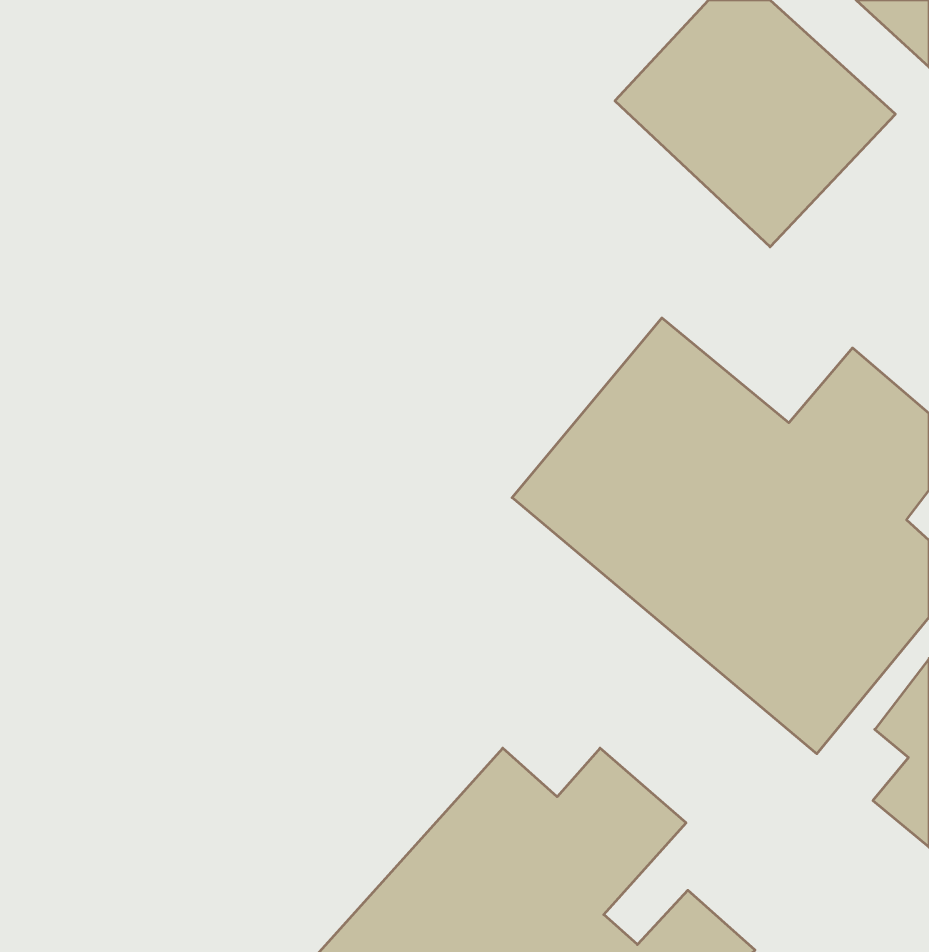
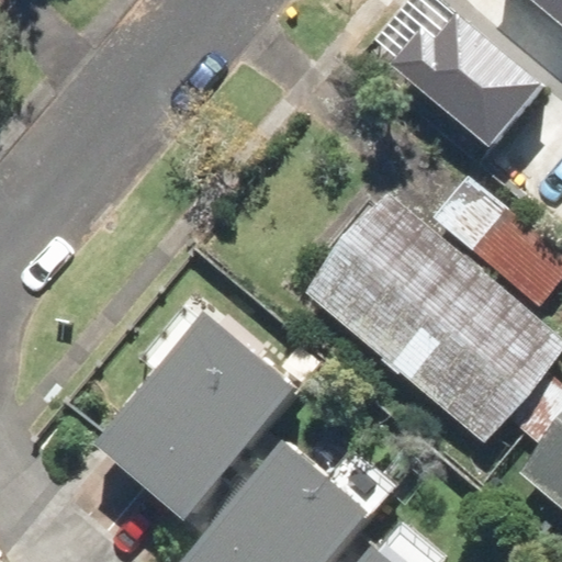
building: none -> [104,304,306,514]

